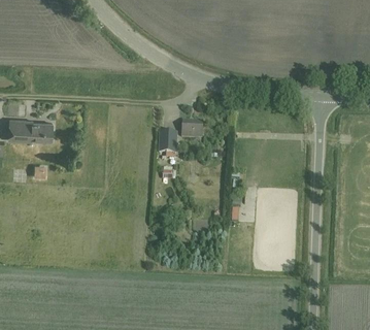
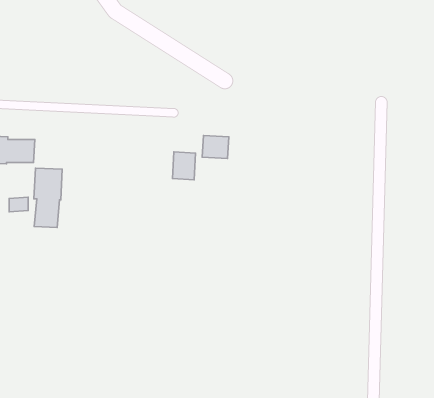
building: none -> [34,168,62,227]

